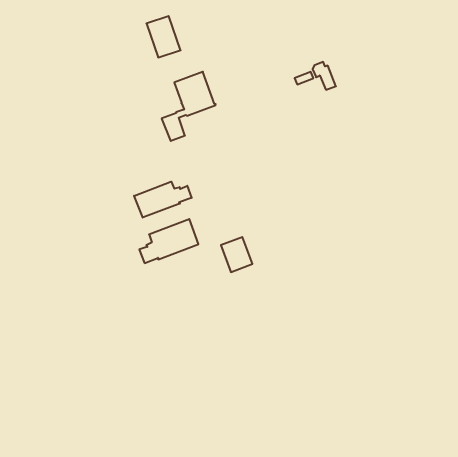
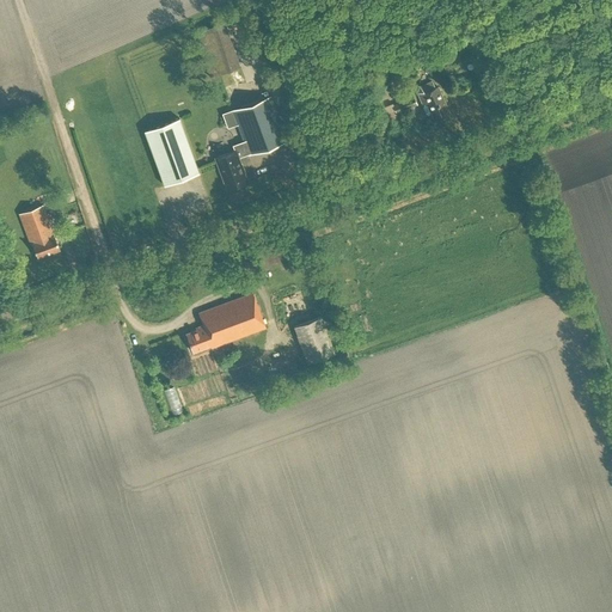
building: none -> [145,120,200,188]
building: none -> [19,208,60,261]
building: [134,182,192,218] -> none

